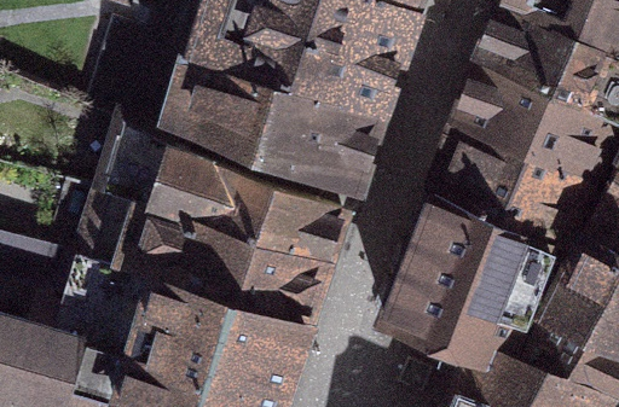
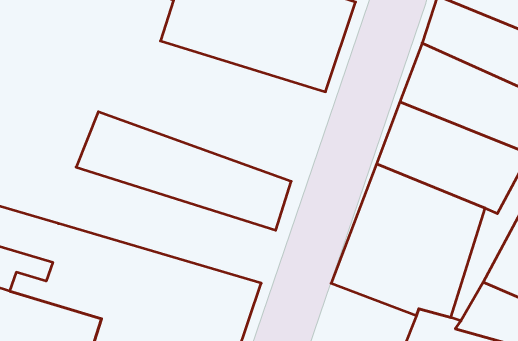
building: [177,63,378,197] -> none
building: [87,200,324,327] -> none

